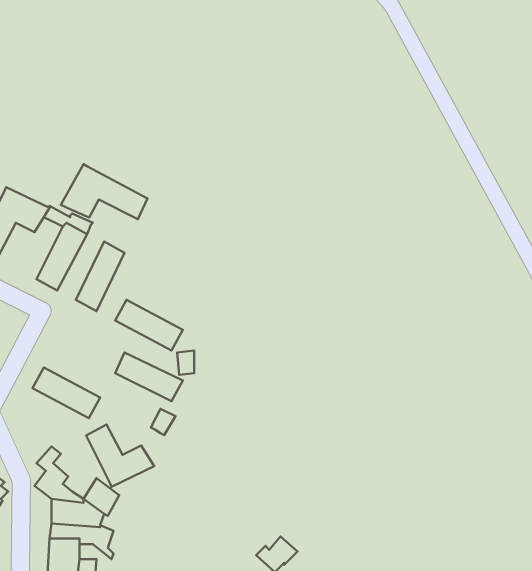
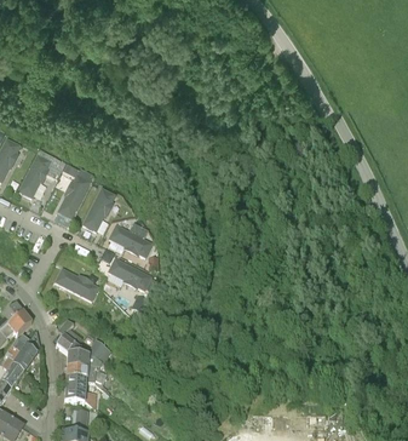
building: [61,164,148,219] -> none
building: [86,425,154,487] -> none

